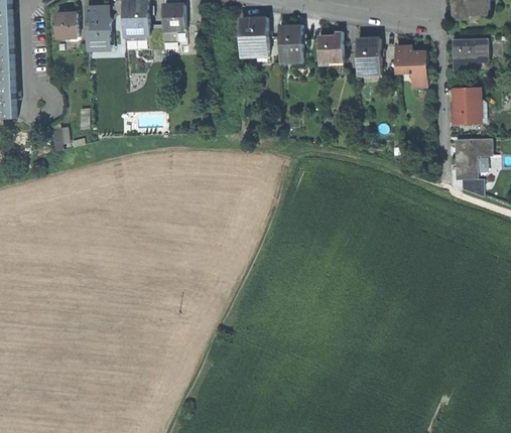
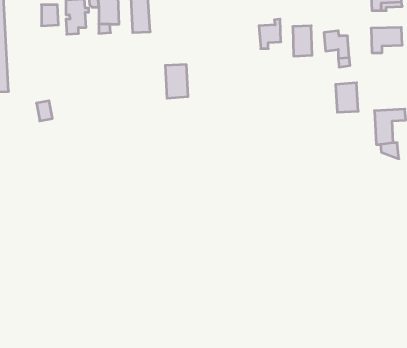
building: [241,17,268,57] -> [165,65,188,98]
building: [279,23,303,63] -> none
building: [453,88,480,123] -> [336,83,358,112]

